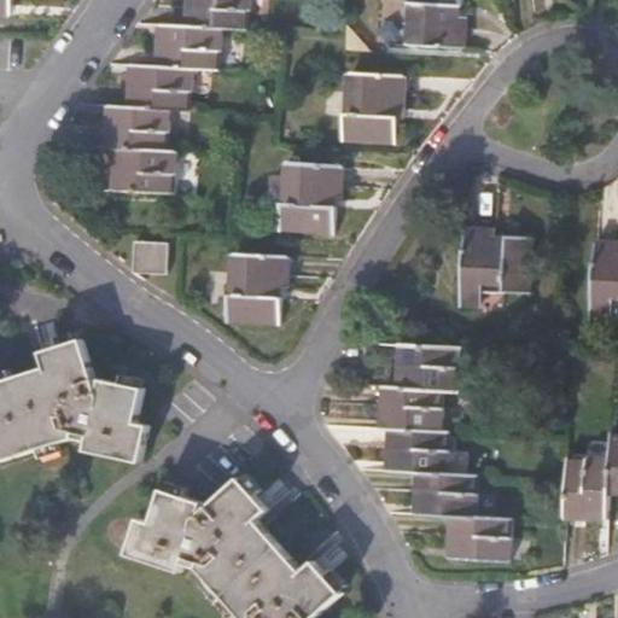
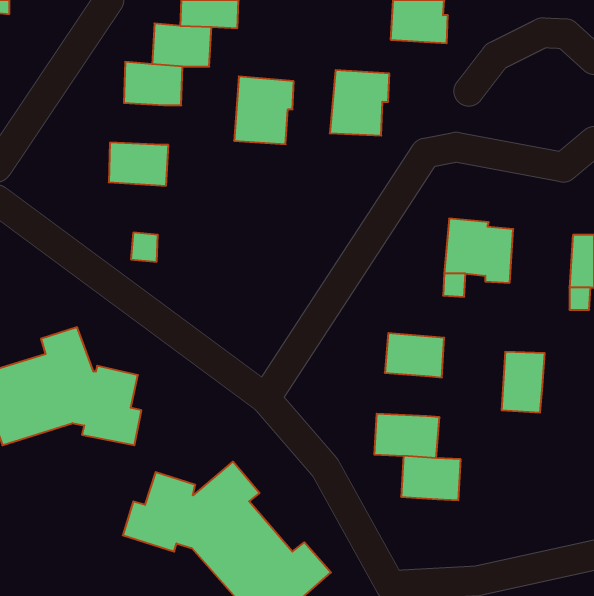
building: [105,106,169,151] -> none
building: [279,163,340,233] -> [234,76,294,144]
building: [225,255,287,322] -> none
building: [379,386,443,431] -> none
building: [564,457,608,520] -> [502,352,545,413]
building: [450,517,509,559] -> none

